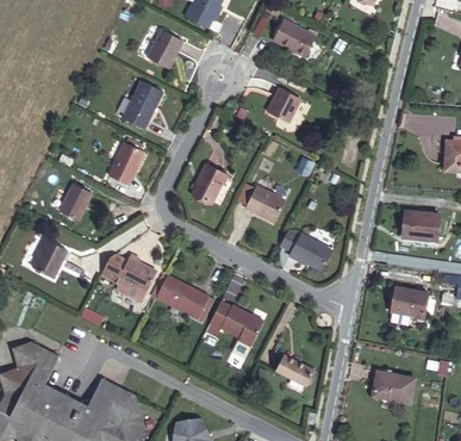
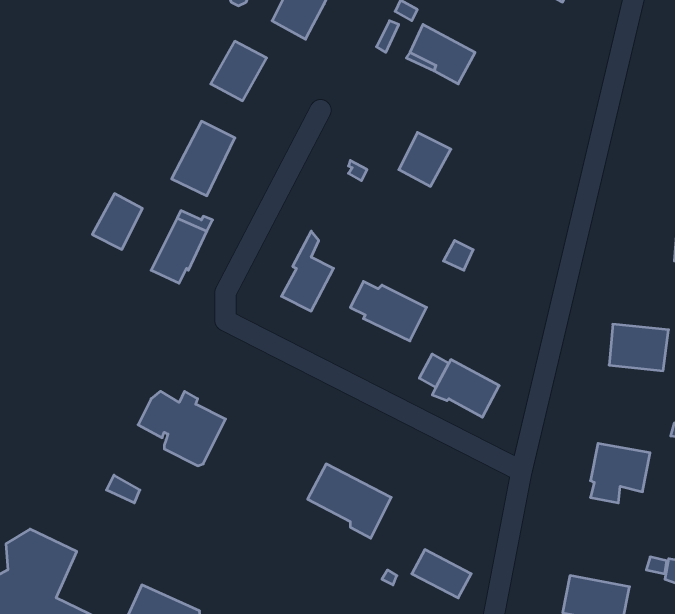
building: [58,184,91,219] -> [92,194,142,249]
building: [32,240,67,277] -> none
building: [157,273,211,319] -> none

